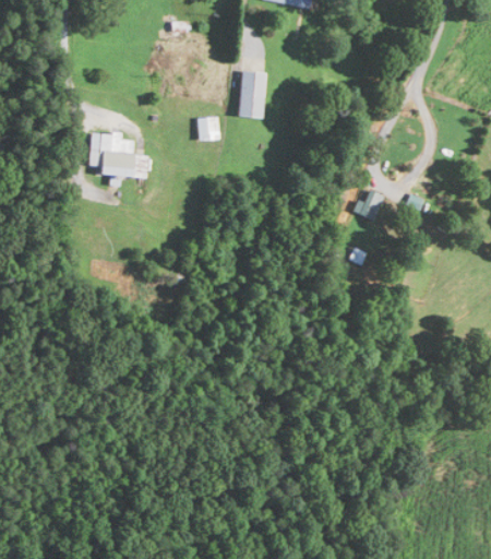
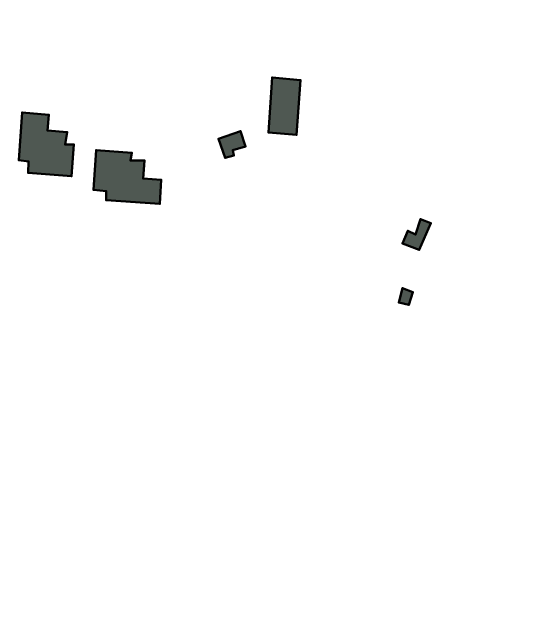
building: none -> [19,112,74,176]

